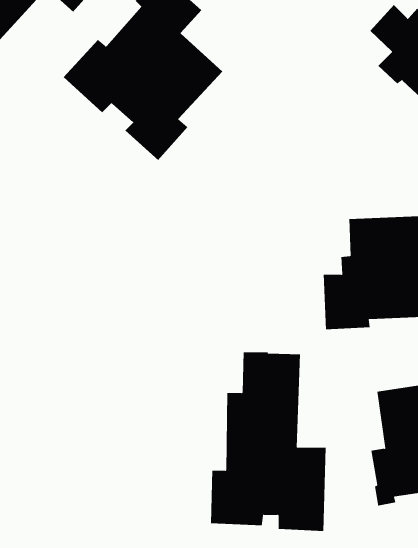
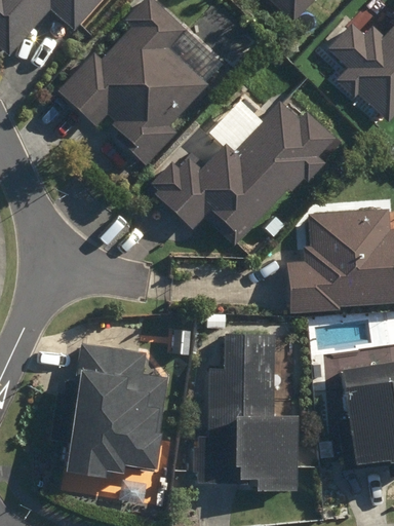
building: none -> [154,100,340,241]
building: none -> [53,346,169,475]

